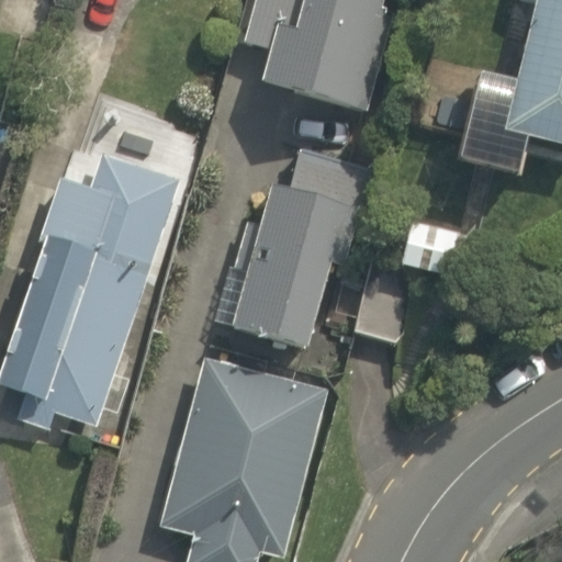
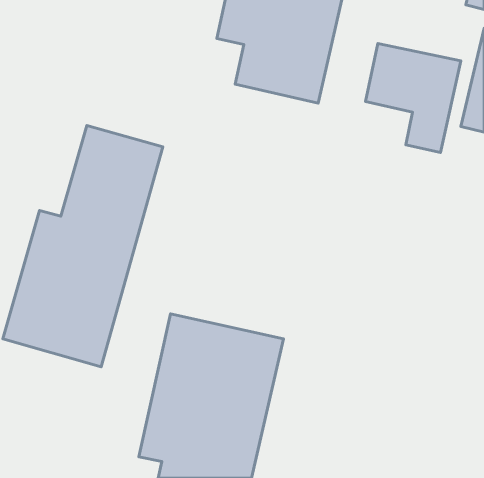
building: [225,176,368,363] -> none

